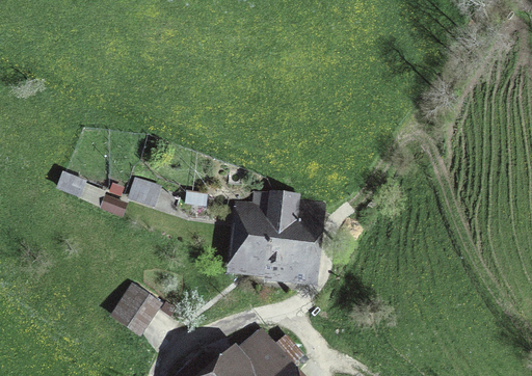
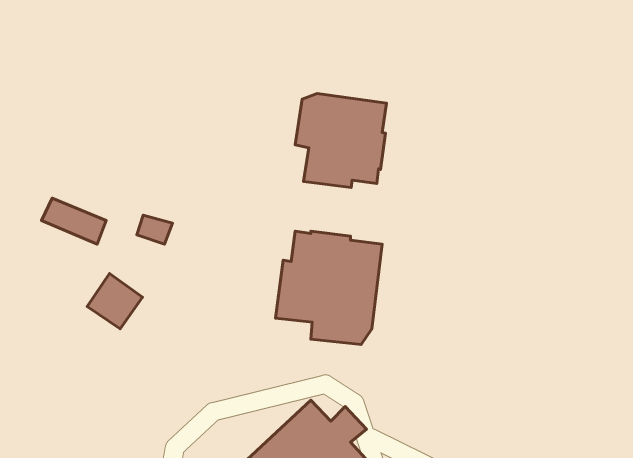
building: none -> [295,93,386,188]
building: [108,286,152,329] -> [87,273,143,329]

